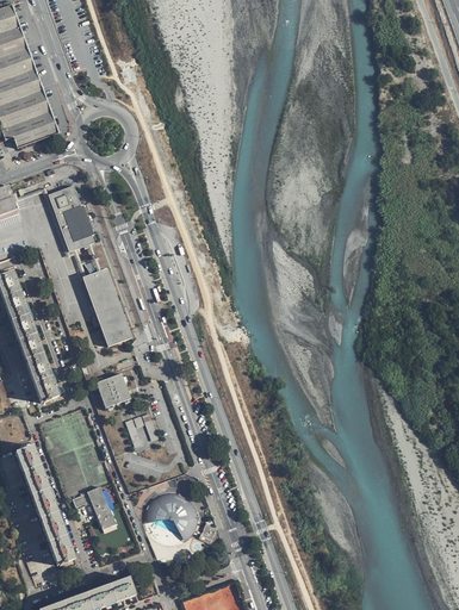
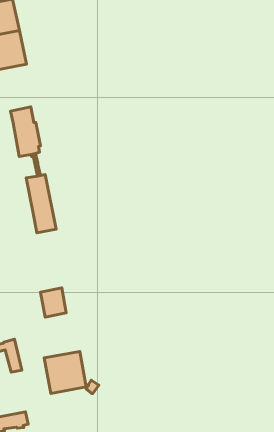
building: [97,374,130,407] -> none

